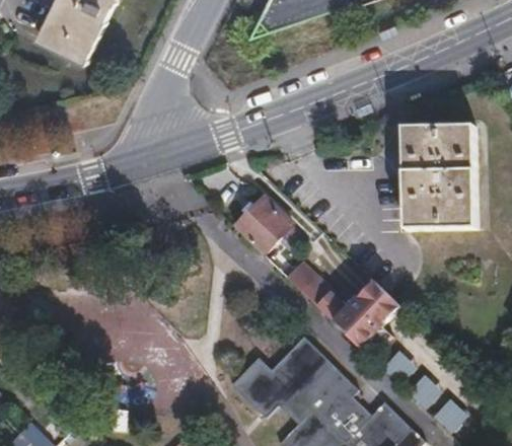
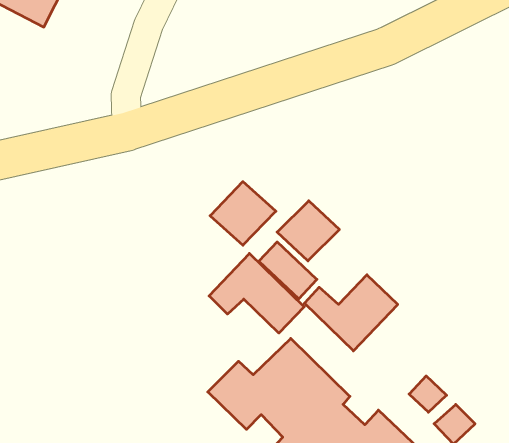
building: [403,127,478,230] -> none
building: none -> [277,201,339,261]
building: none -> [209,253,304,333]

